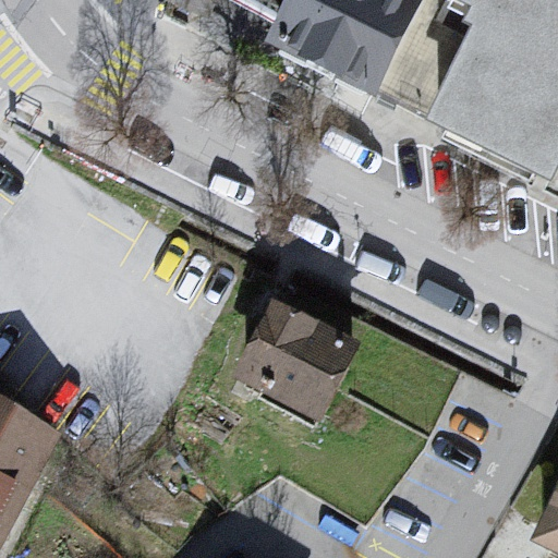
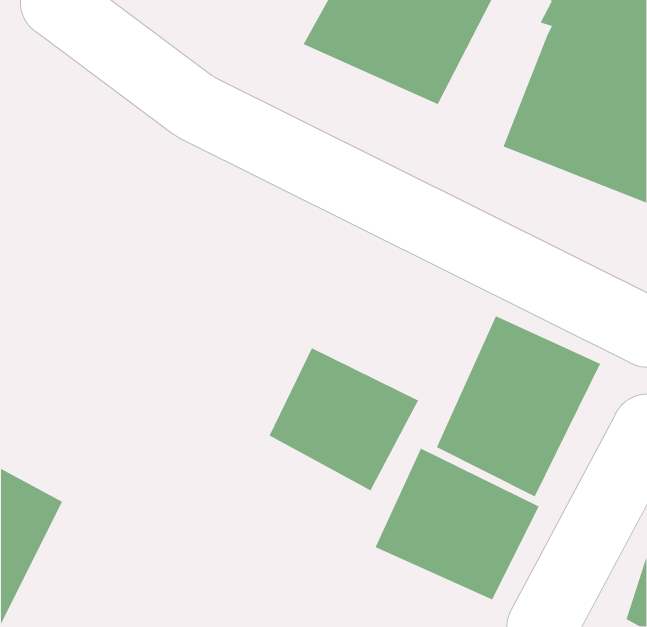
building: none -> [436,315,601,498]
building: none -> [375,447,540,601]

